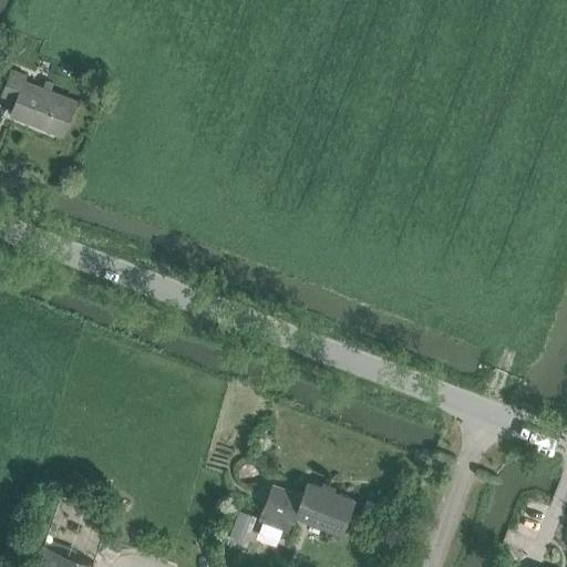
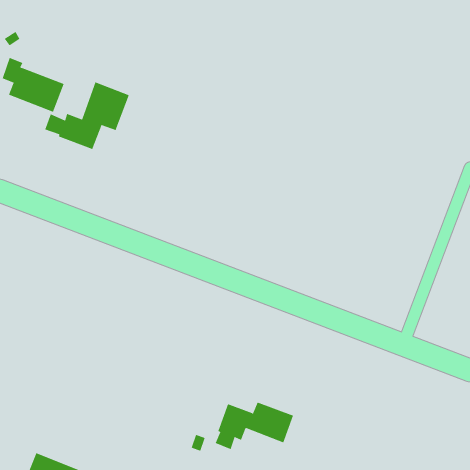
building: none -> [45,82,129,150]

